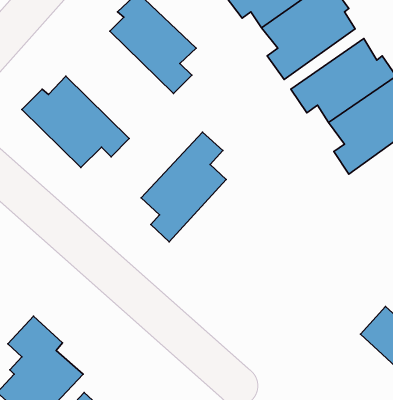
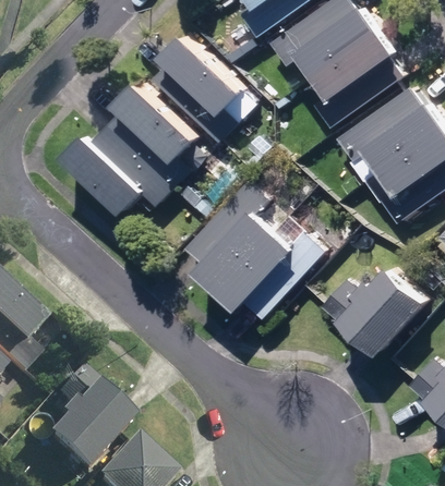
building: none -> [109,86,195,187]
building: none -> [214,229,323,316]
building: none -> [320,271,424,359]

